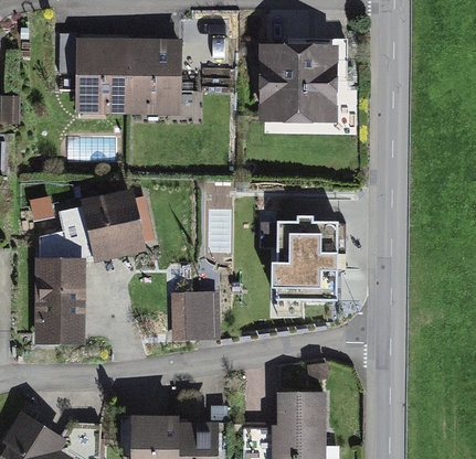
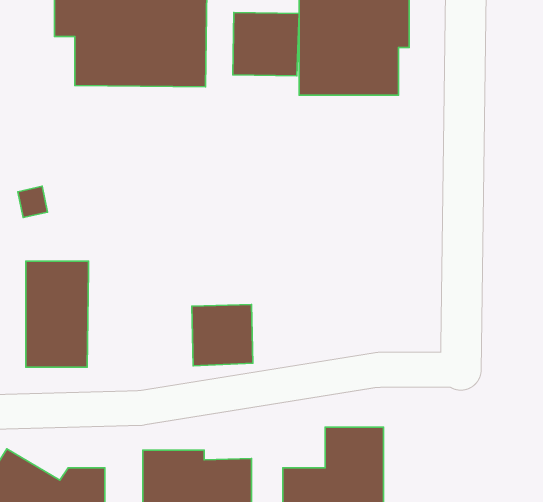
building: none -> [233,12,299,76]
building: [39,185,146,265] -> none
building: [269,214,338,302] -> none

